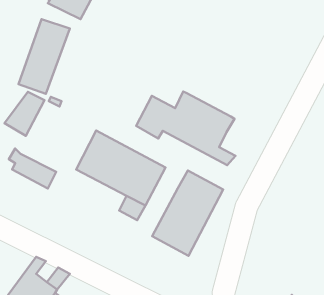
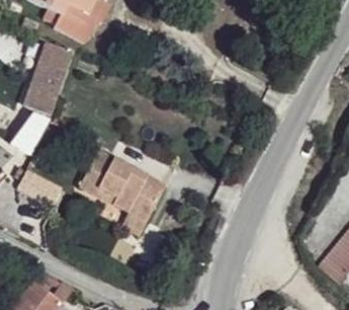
building: [136,92,235,165] -> none
building: [152,171,223,256] -> none

